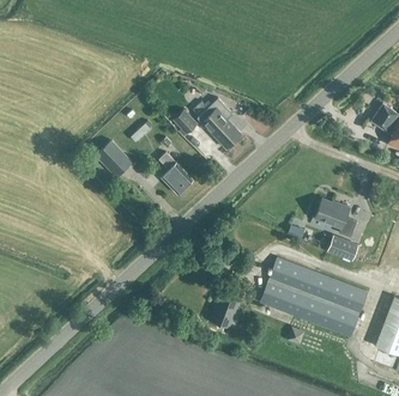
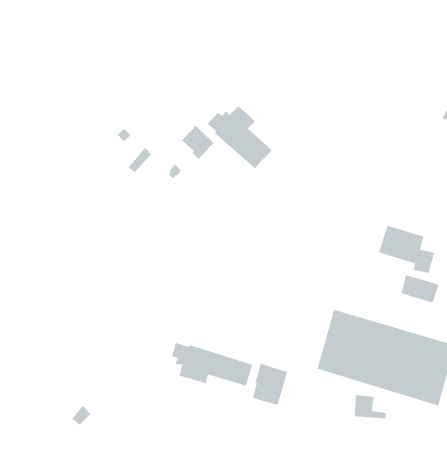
building: [96,141,133,178] -> none
building: [159,153,193,195] -> none
building: none -> [171,342,253,386]

